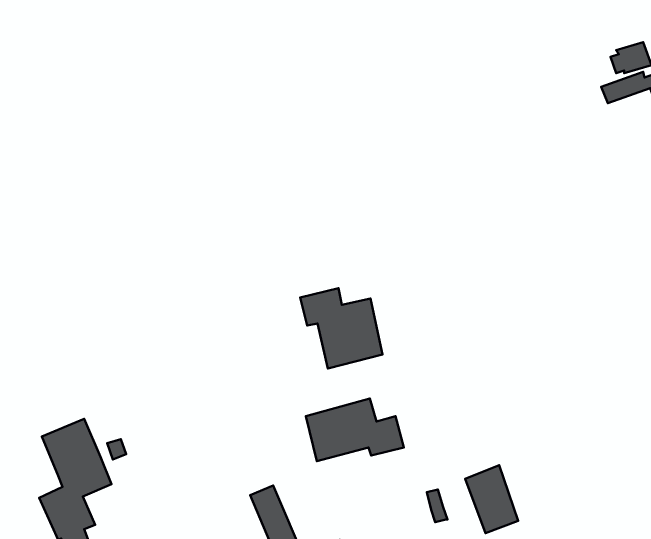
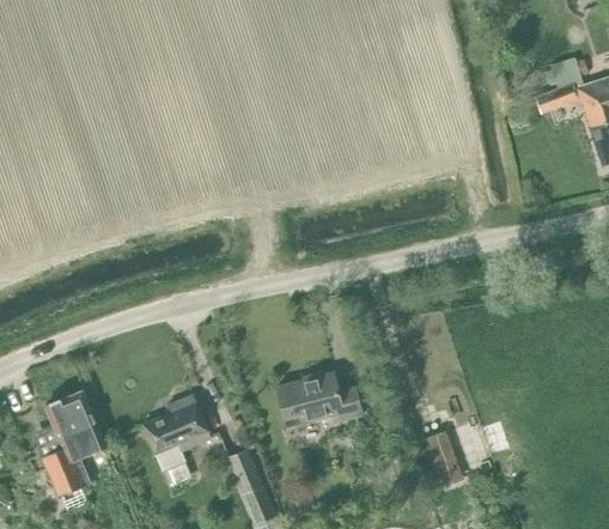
building: [300,288,383,369] -> none
building: none -> [144,394,212,470]

